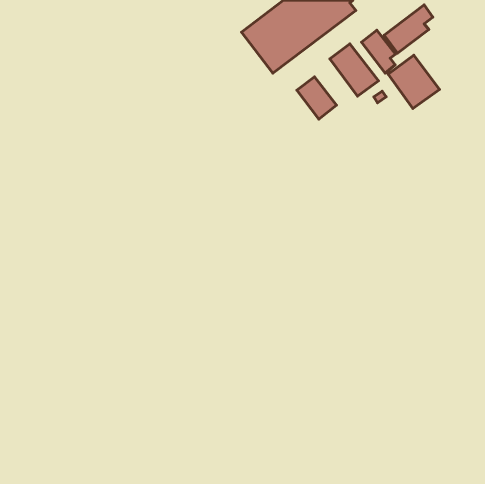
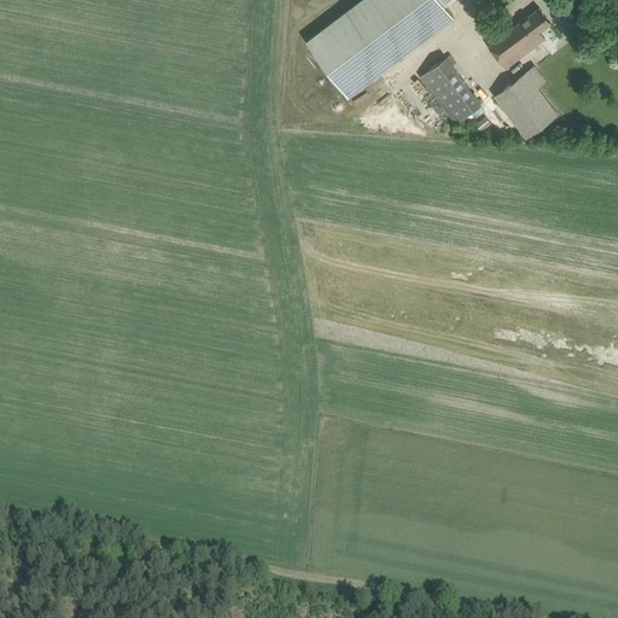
building: [361,30,396,73] -> none
building: [297,77,337,119] -> none

